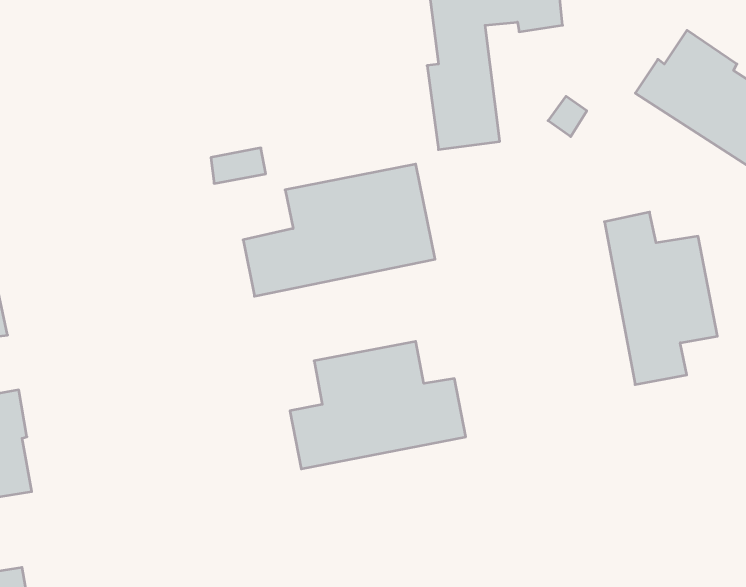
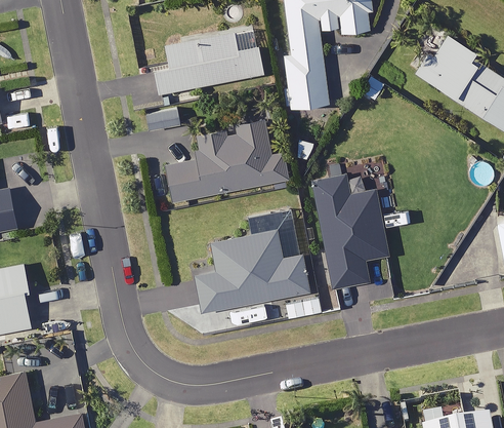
building: none -> [144,31,263,95]
building: [604,212,717,385] -> [314,177,386,286]

